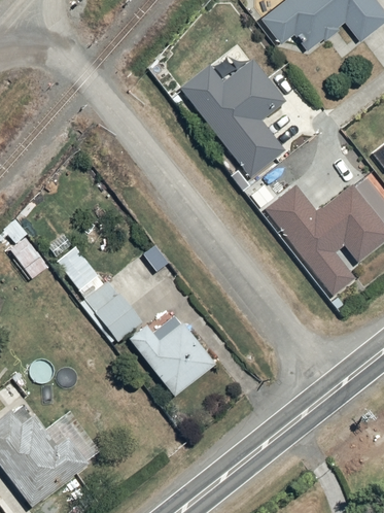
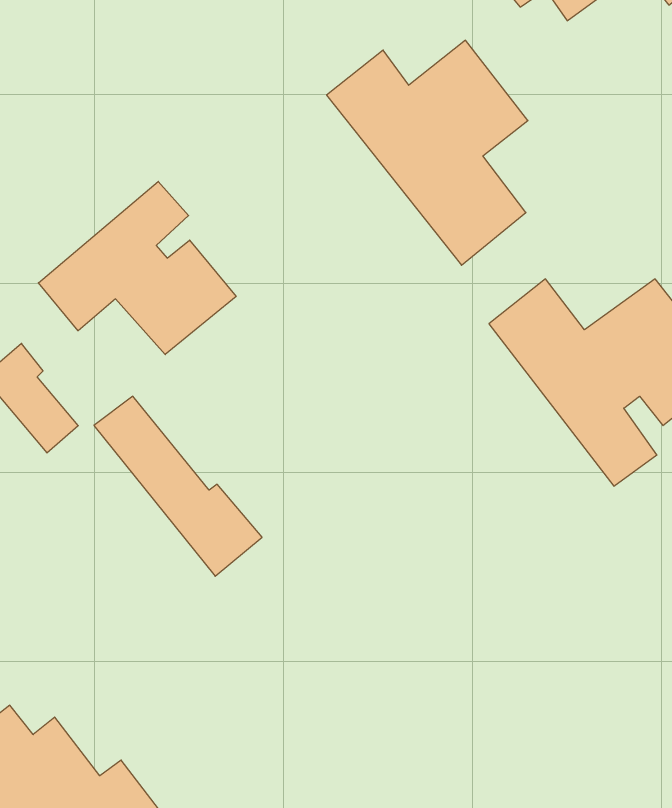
building: none -> [38,181,236,355]
building: [131,322,217,397] -> none

